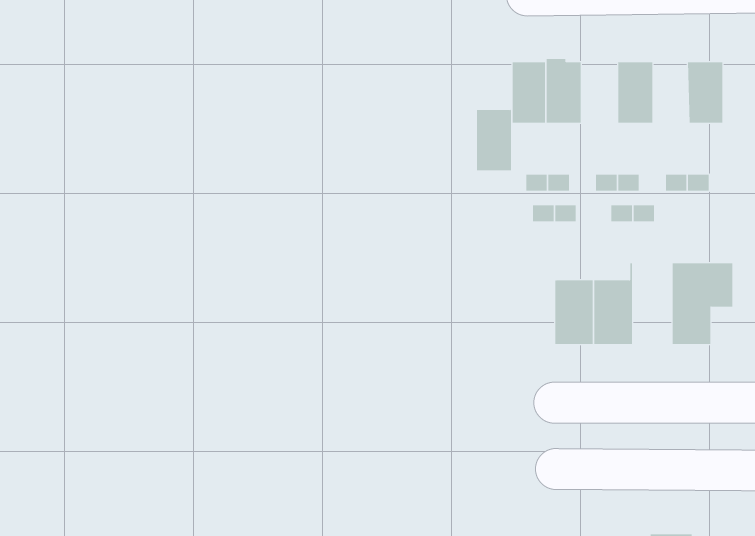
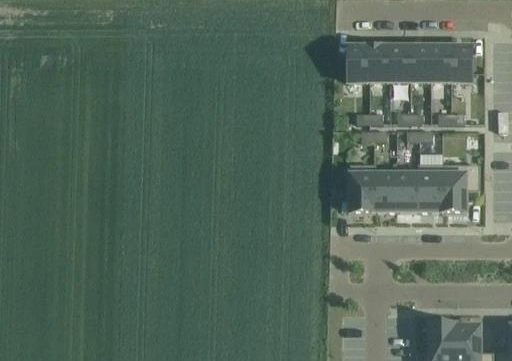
building: none -> [430,43,451,81]
building: [476,106,512,171] -> [388,43,409,81]
building: none -> [348,163,372,211]
building: none -> [418,163,441,211]

